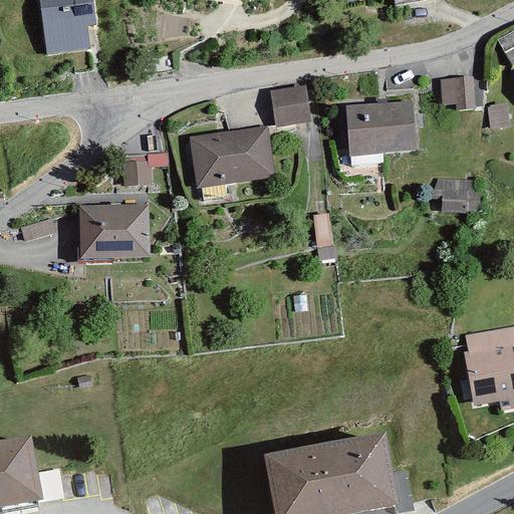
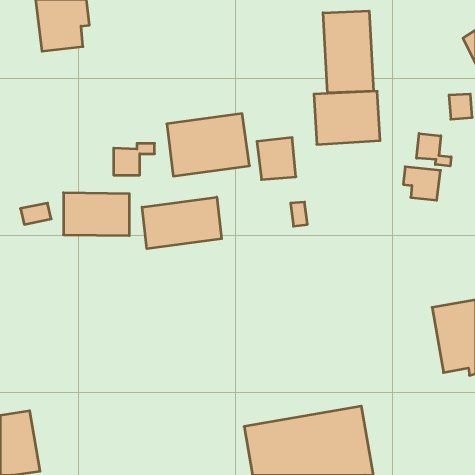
building: none -> [323,11,373,93]
building: [436,76,471,109] -> none
building: [271,85,313,131] -> [257,138,296,180]
building: none -> [417,133,451,166]
building: none -> [142,197,222,249]

